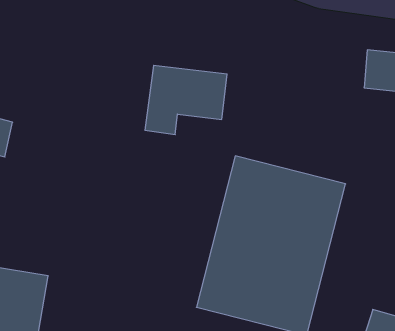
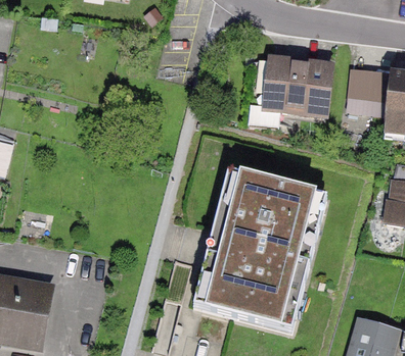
building: [145,65,227,135] -> [252,56,329,121]

